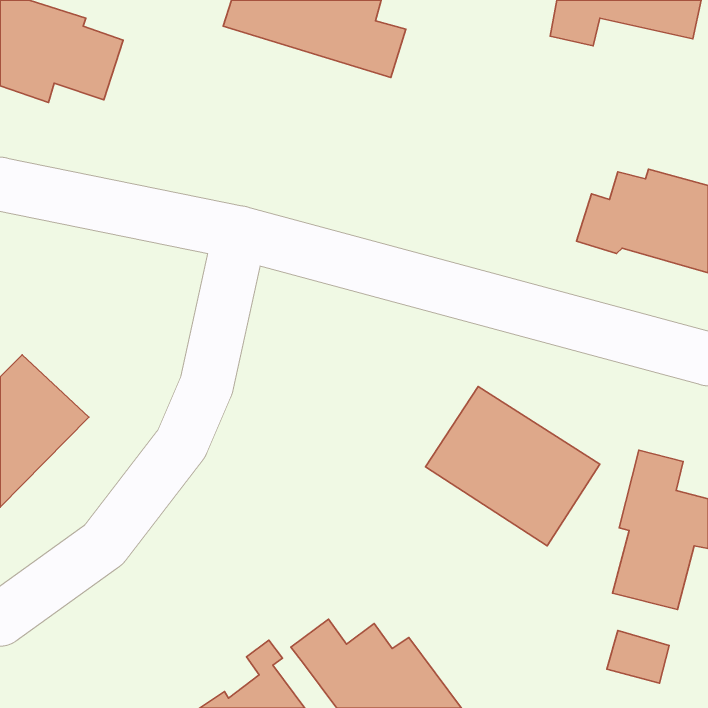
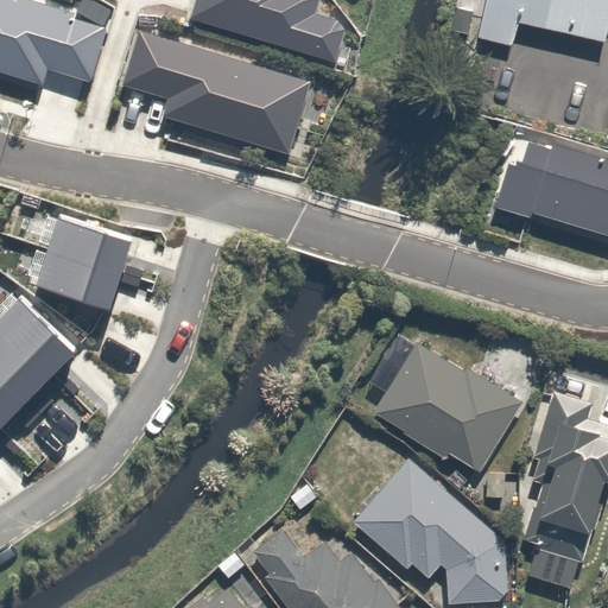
building: none -> [124,34,312,160]
building: none -> [28,218,139,312]
building: none -> [347,451,500,596]

